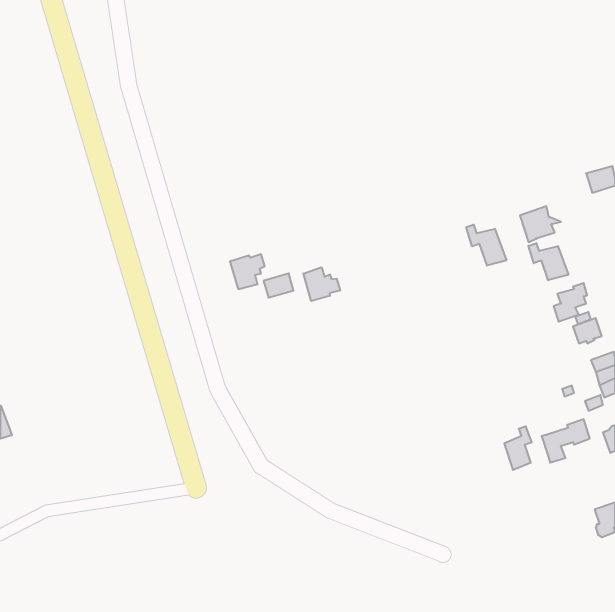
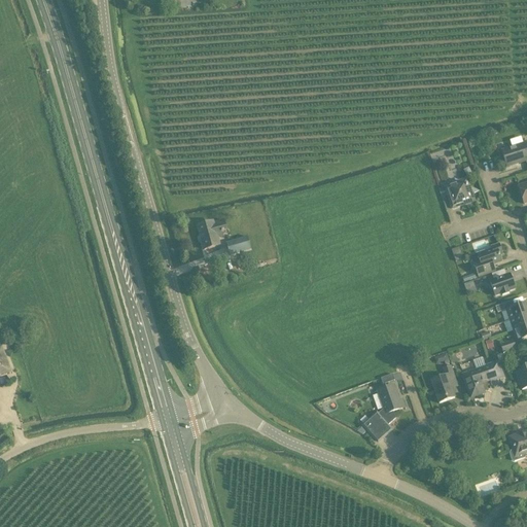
building: [466,225,506,266] -> none
building: [528,243,568,280] -> none
building: [303,267,340,301] -> none
building: none -> [363,383,405,440]

